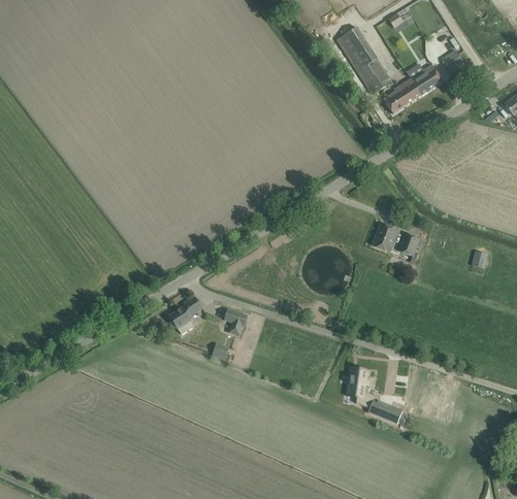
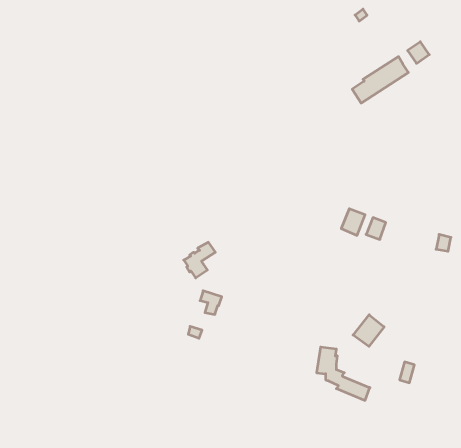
building: [336,27,388,89] -> none
building: [169,297,202,334] -> [184,242,215,278]
building: none -> [353,315,384,346]

